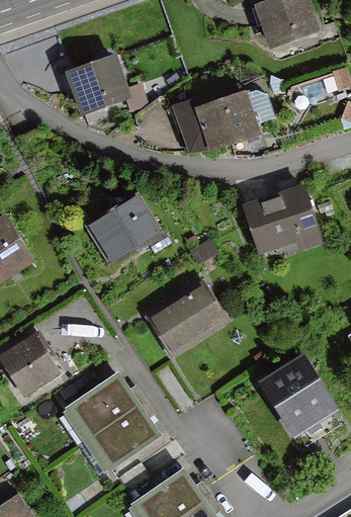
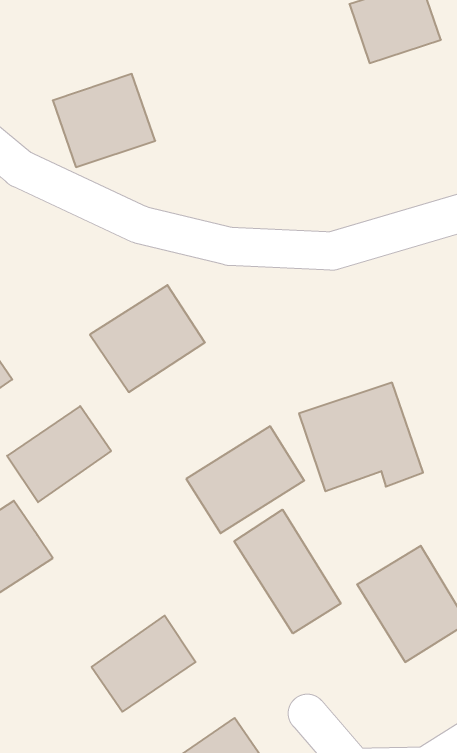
building: [173,87,267,155] -> none
building: [240,184,321,255] -> [299,383,423,491]
building: none -> [234,510,341,633]
building: [68,378,136,441] -> [7,406,111,502]

